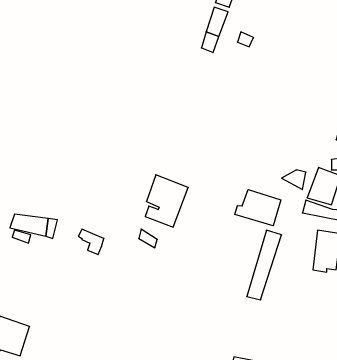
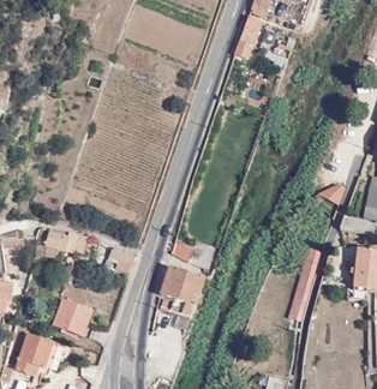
building: [145,175,188,227] -> [160,267,204,321]
building: [235,190,281,226] -> none
building: none -> [49,295,91,336]

